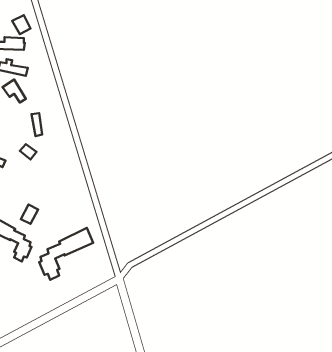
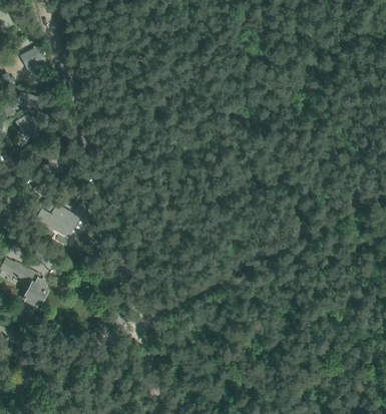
building: none -> [36,203,80,239]
building: [39,228,93,280] -> none

